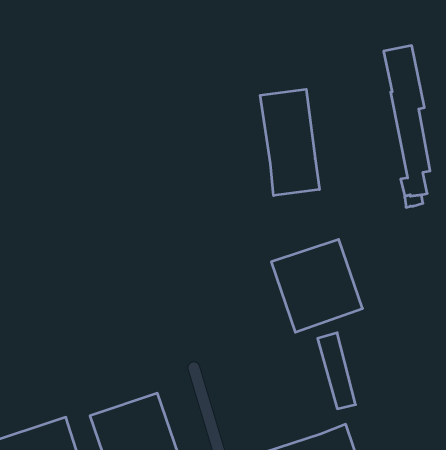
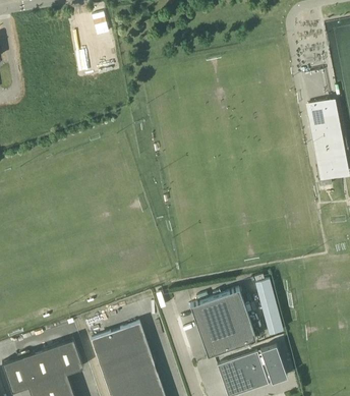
building: [260,89,319,196] -> none
building: [271,239,363,332] -> [190,288,256,355]

